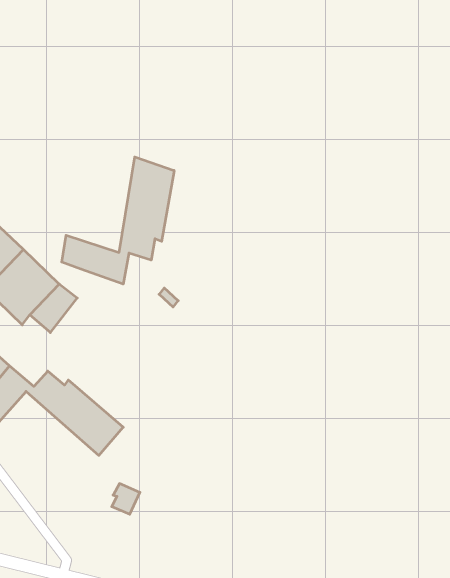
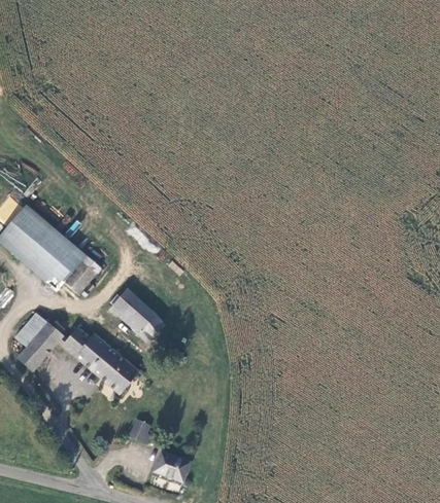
building: [62,157,174,284] -> none
building: none -> [108,289,166,344]
building: none -> [154,451,190,482]

